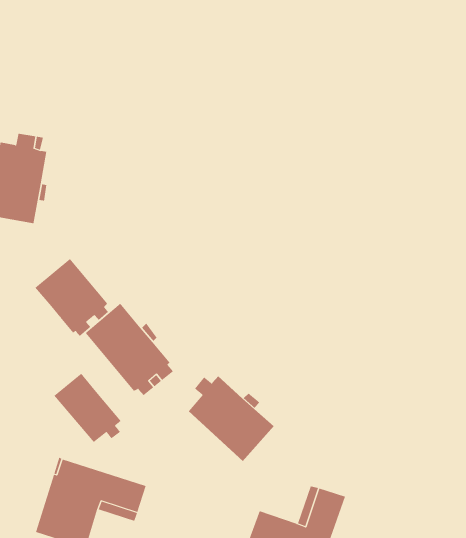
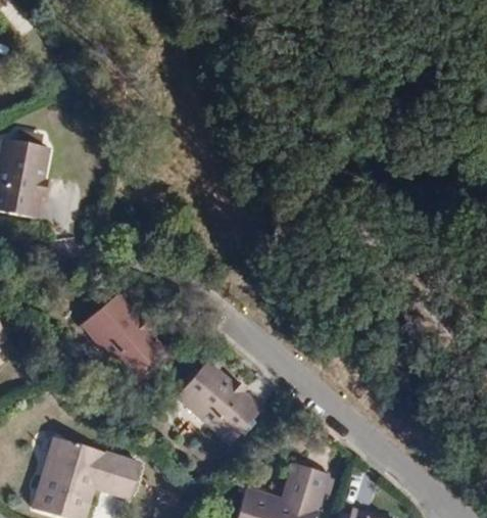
building: [35,258,109,337] -> none
building: [53,373,122,443] -> none

